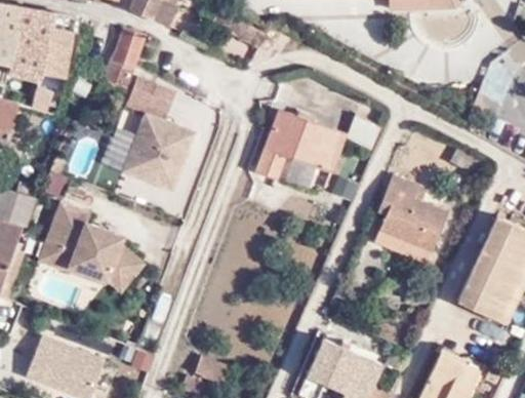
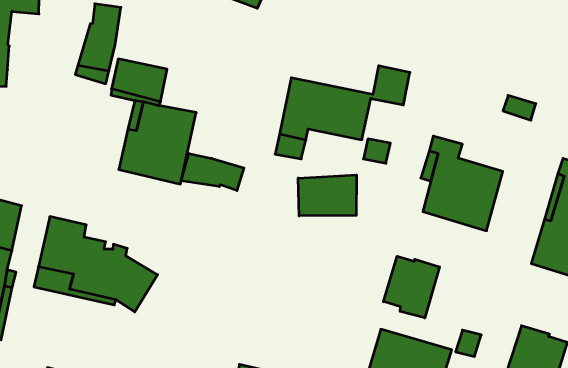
building: [41,26,74,78] -> none
building: none -> [181,153,244,191]
building: none -> [298,175,356,216]
building: none -> [383,256,440,318]

